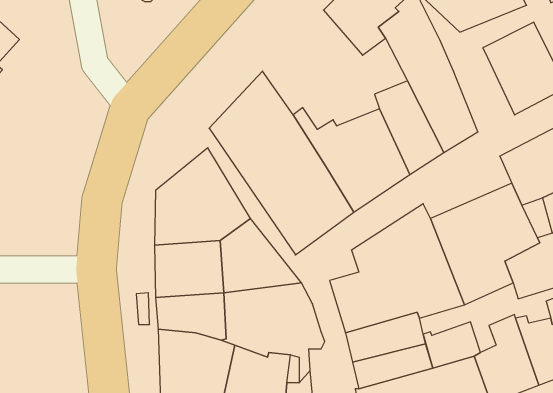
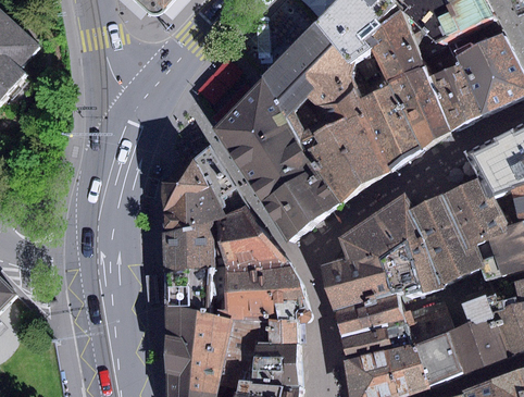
building: none -> [259,23,363,126]
building: none -> [429,65,484,132]

